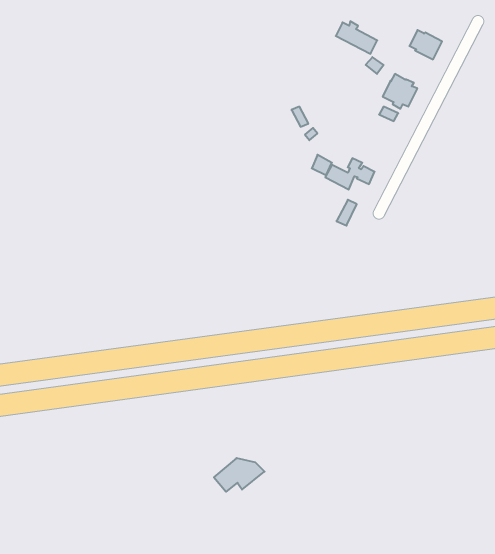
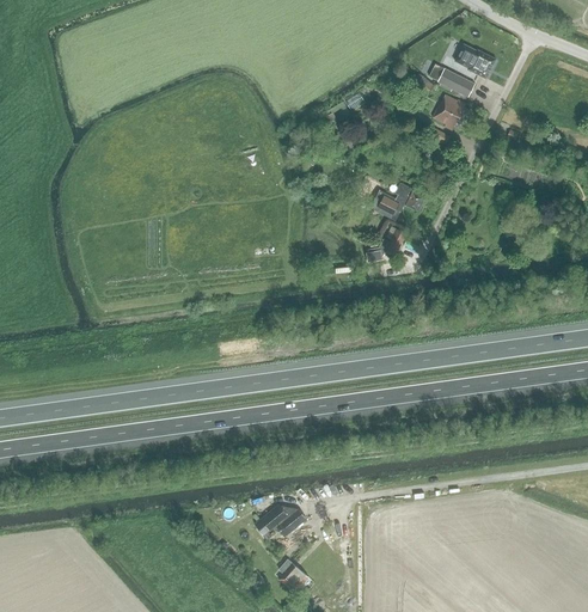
building: [336,21,377,54] -> [429,62,473,97]
building: none -> [277,558,307,592]

